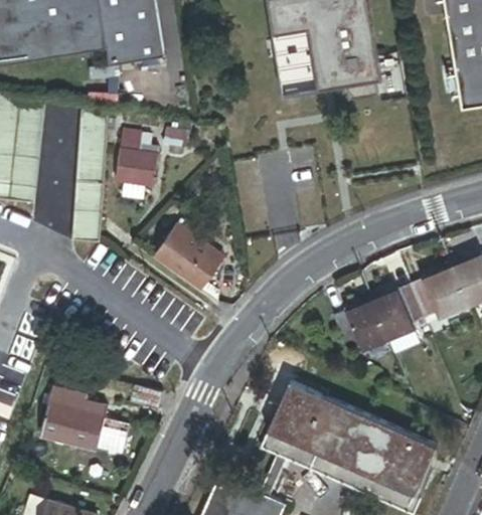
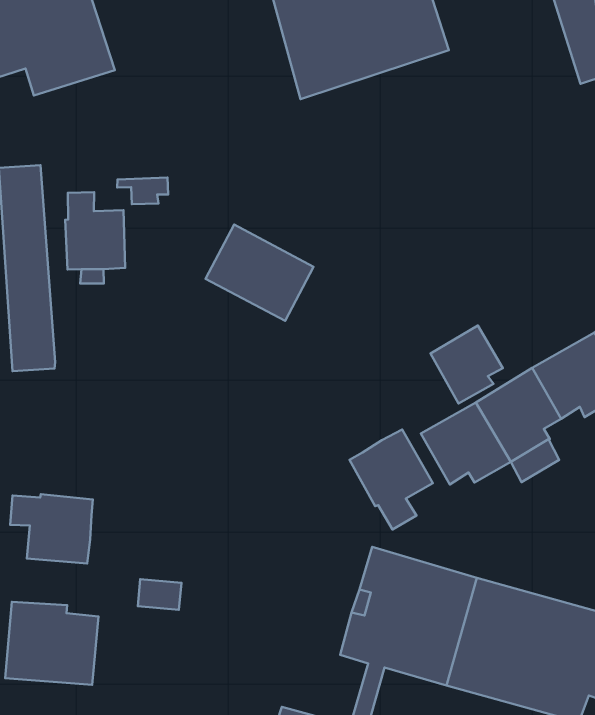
building: [155,224,225,291] -> [206,225,314,321]
building: none -> [430,325,503,403]
building: none -> [350,430,433,530]
building: none -> [10,494,93,564]

